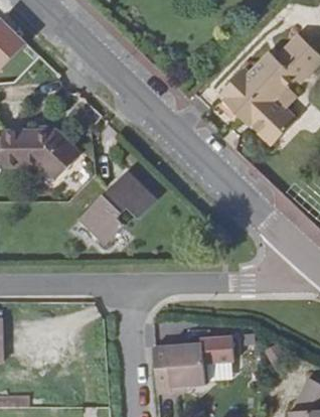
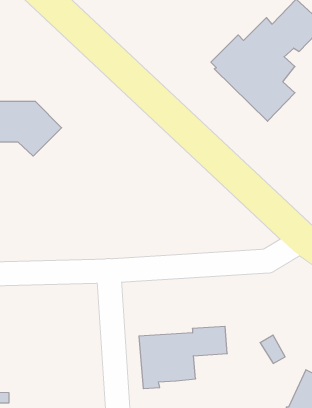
building: [77,170,156,245] -> none

